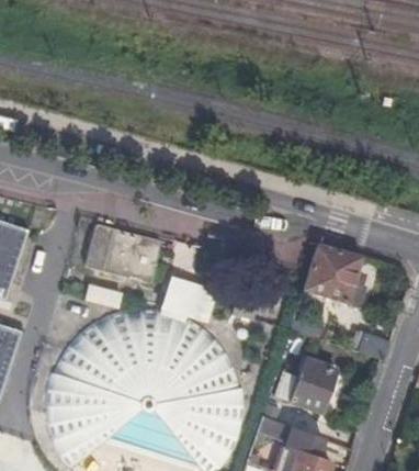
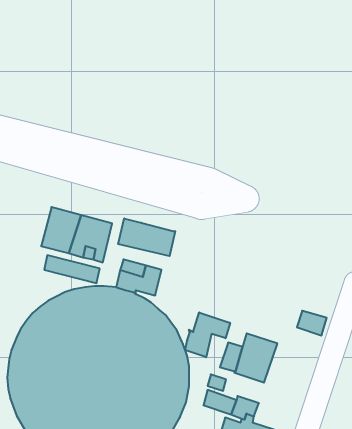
building: none -> [118,218,175,256]
building: [304,243,363,302] -> none
building: none -> [185,312,230,357]

